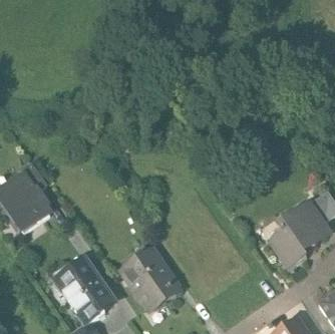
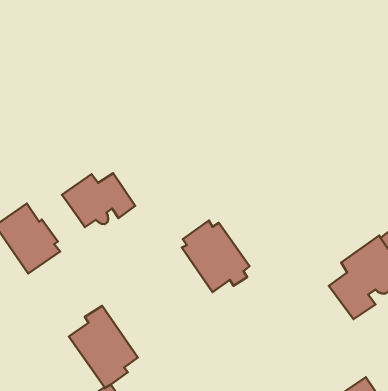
building: none -> [62,173,135,227]
building: [122,248,178,306] -> [182,221,250,292]

